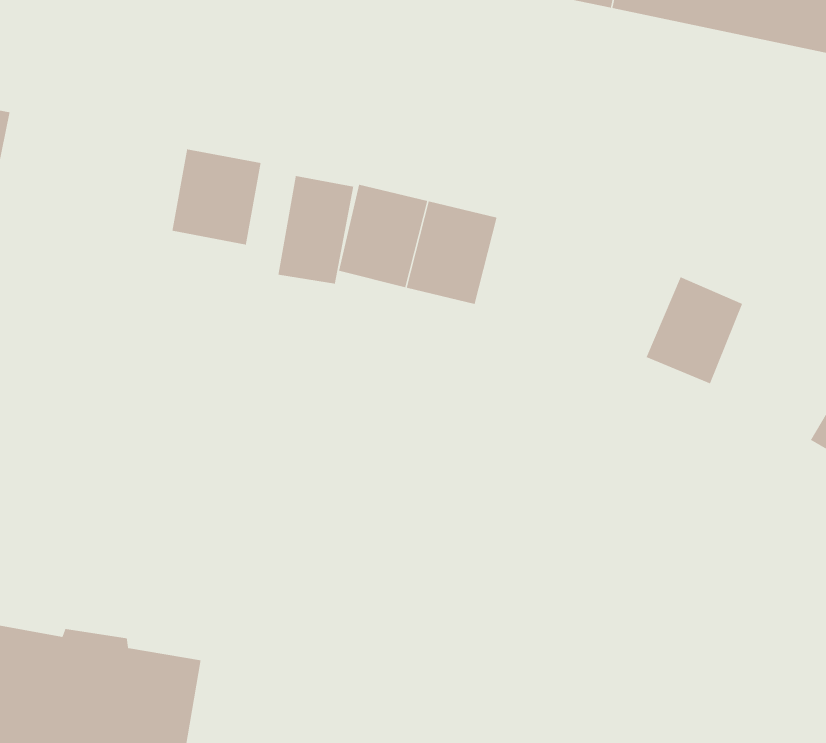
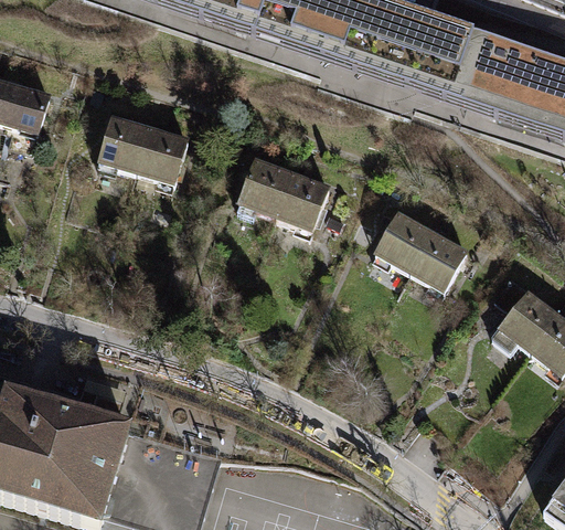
building: none -> [100,113,157,171]
building: [278,175,354,285] -> none
building: none -> [371,213,430,276]

